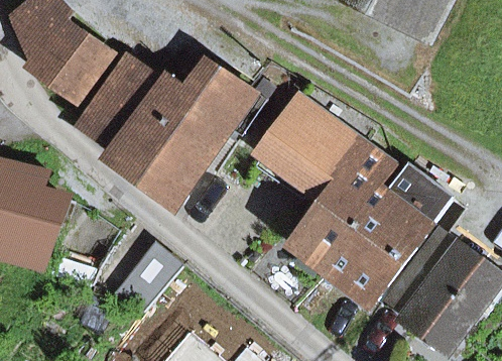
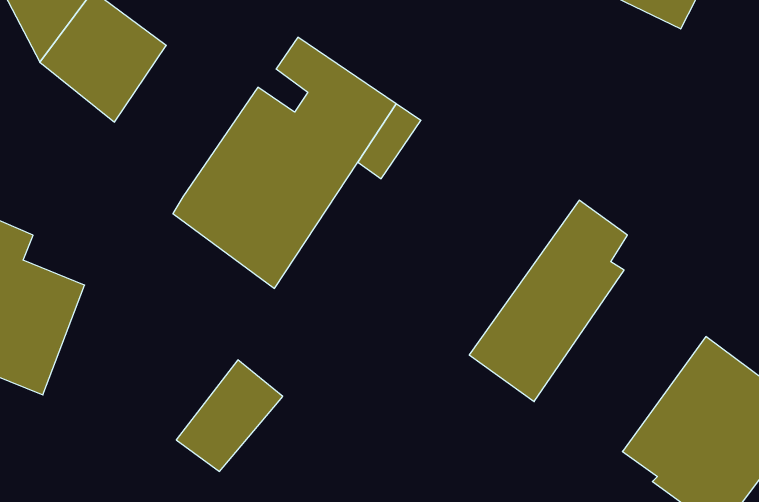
building: [83,51,166,145] -> none
building: [265,103,361,193] -> none
building: [334,163,452,300] -> none

